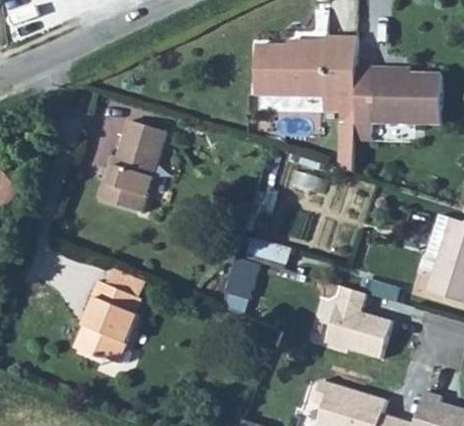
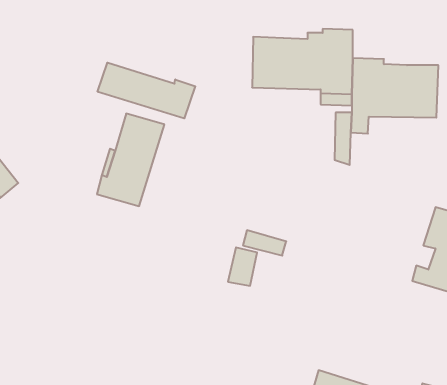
building: none -> [98,63,195,118]
building: [74,268,145,363] -> none
building: [328,287,393,359] -> none

